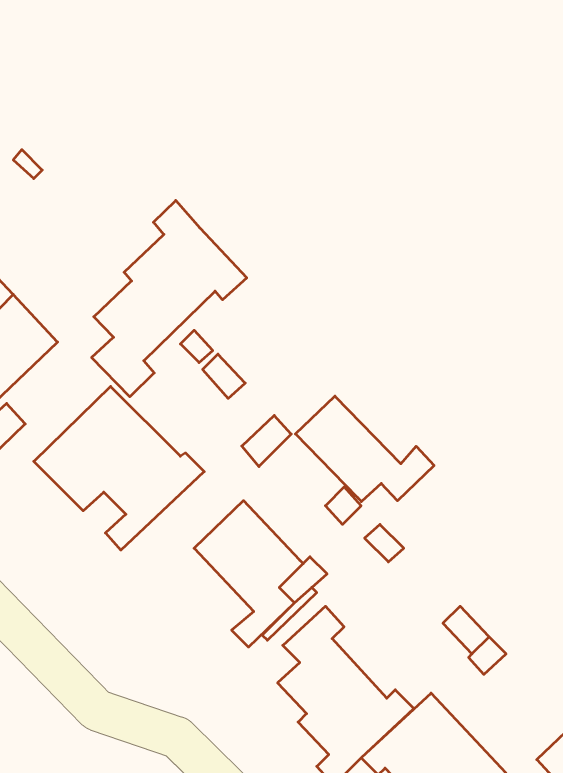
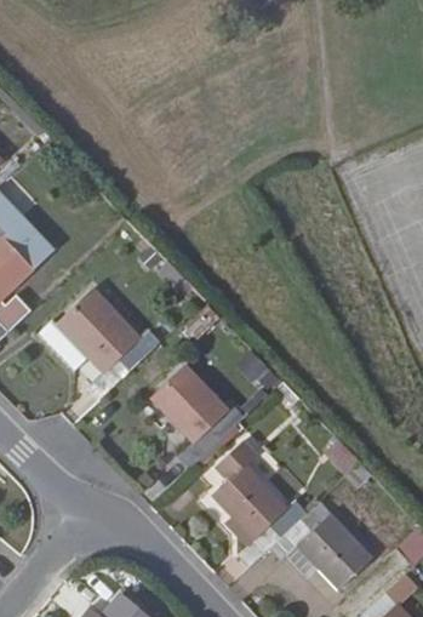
building: [92,200,247,397] -> none
building: [295,396,434,502] -> none

